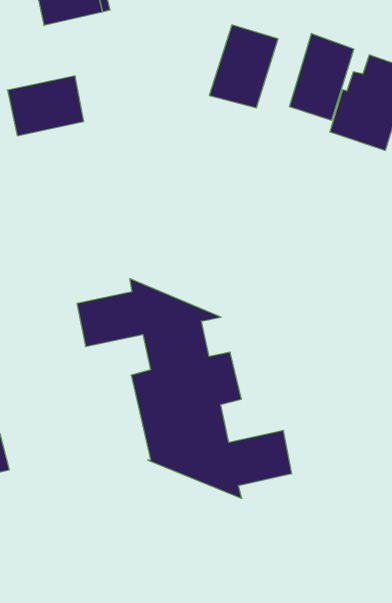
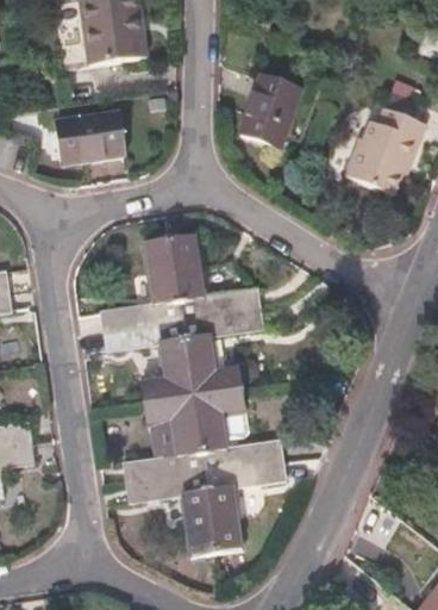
building: [289,33,354,120] -> none
building: none -> [143,236,262,335]
building: none -> [125,459,244,555]

